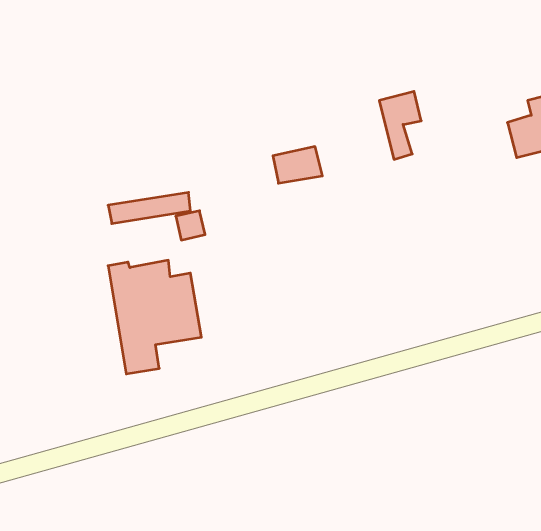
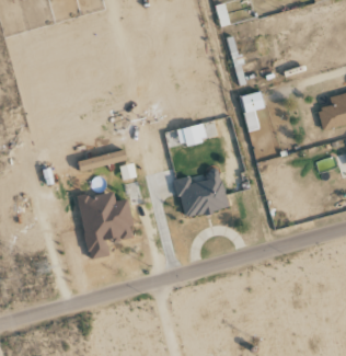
building: none -> [175,166,230,219]

